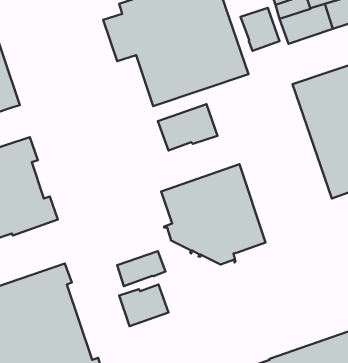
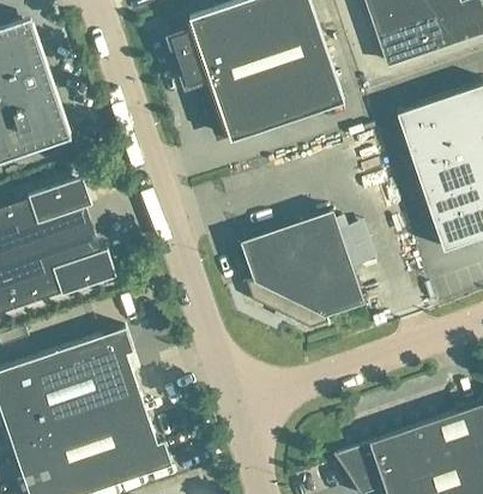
building: [241,8,279,51] -> none
building: [158,104,217,150] -> none
building: [117,251,165,286] -> none
building: [119,284,168,326] -> none

